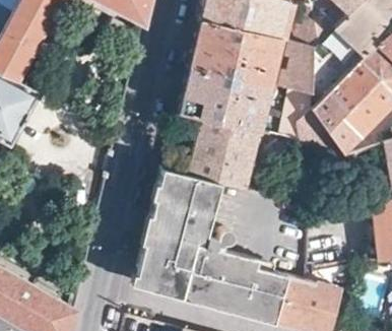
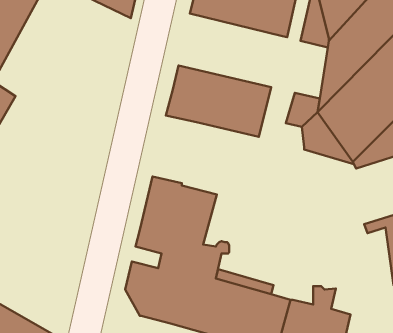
building: [188,19,281,85] -> none
building: [286,44,322,95] -> none
building: [191,117,261,188] -> none

